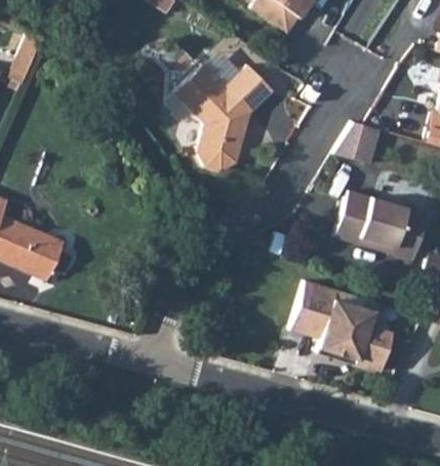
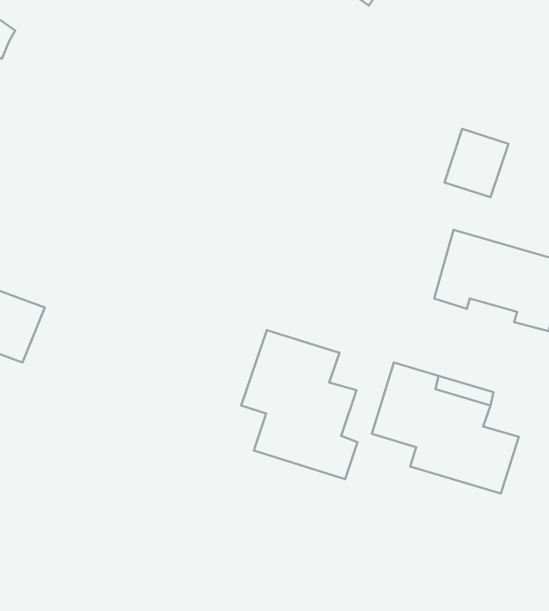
building: [174,62,274,169] -> none
building: none -> [241,330,358,479]

